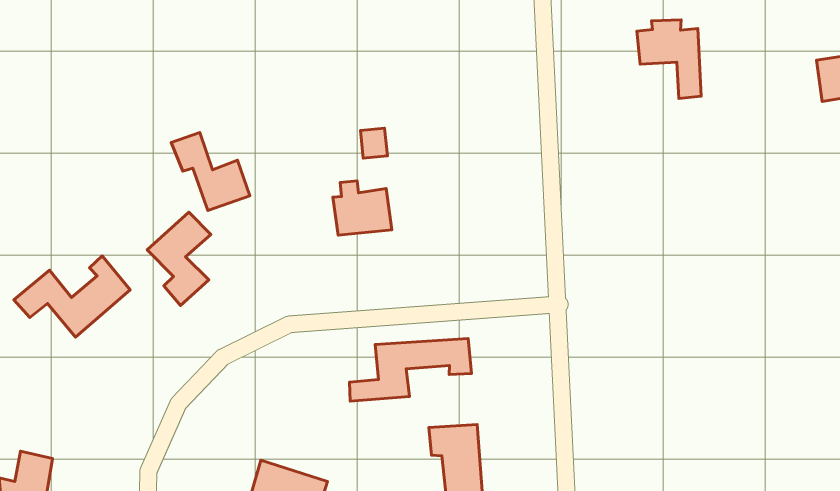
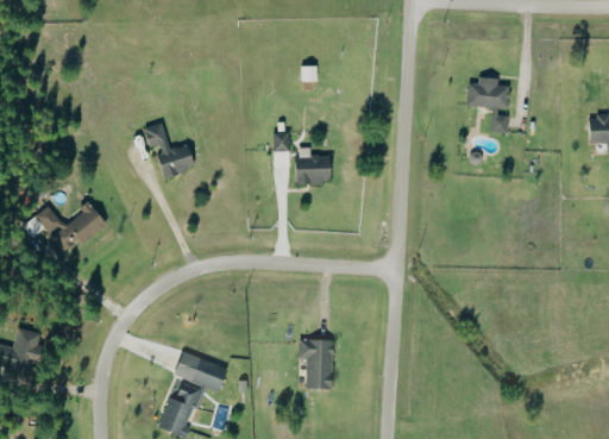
building: [333,181,392,235] -> [293,148,331,183]
building: [147,212,211,305] -> none
building: [350,338,471,401] -> none

